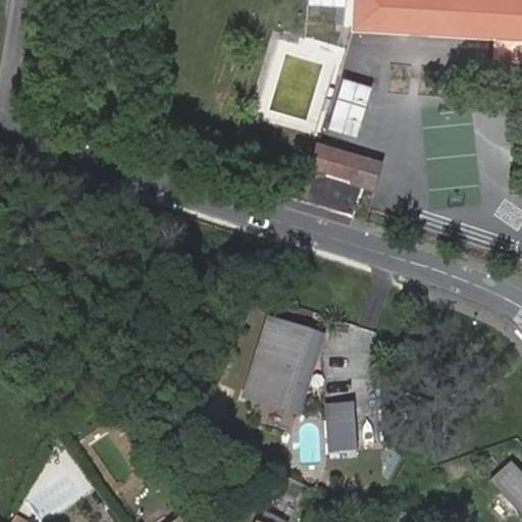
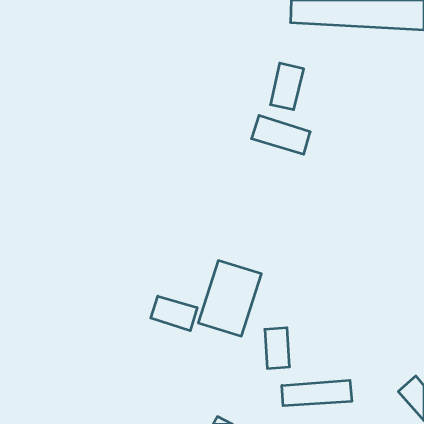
building: none -> [151,296,197,331]
building: none -> [282,380,352,406]

